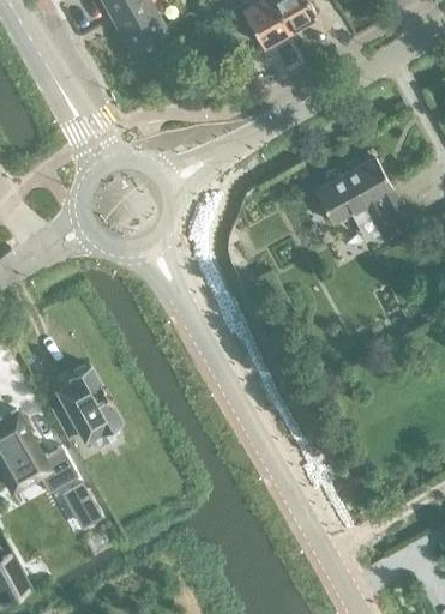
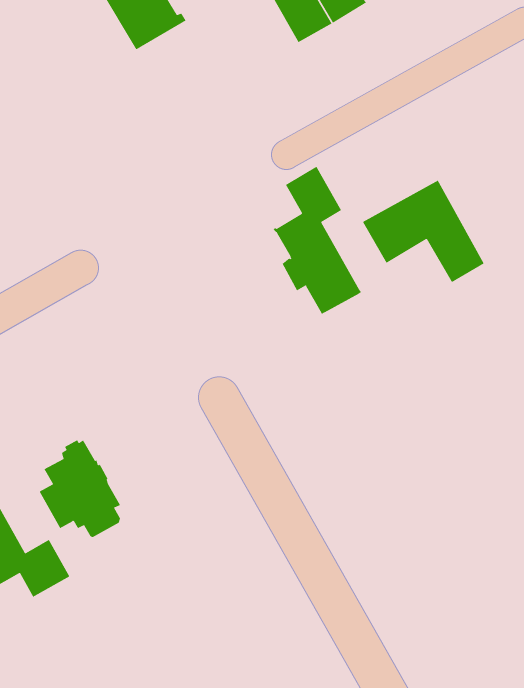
building: none -> [273,166,362,315]
building: [62,483,101,528] -> none

